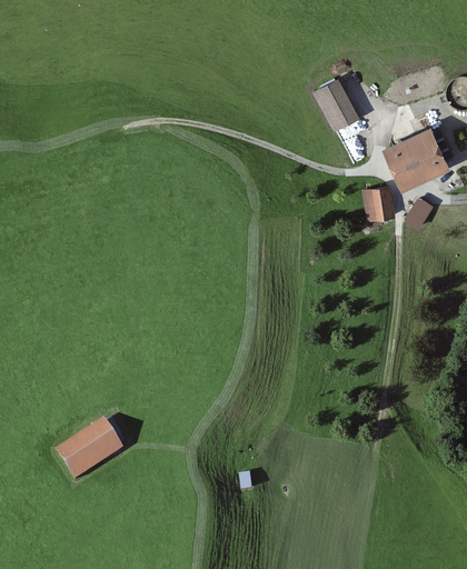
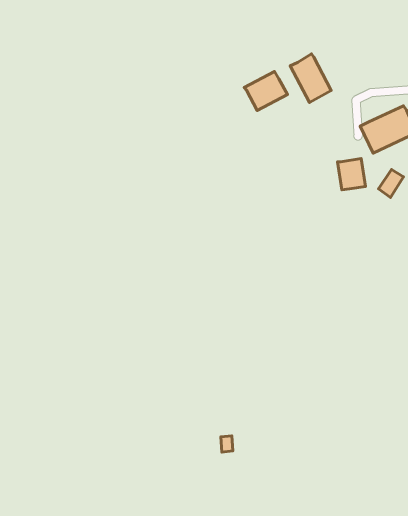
building: none -> [244,71,287,110]
building: [59,425,119,476] -> none

